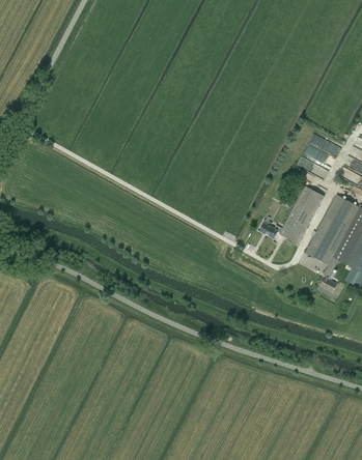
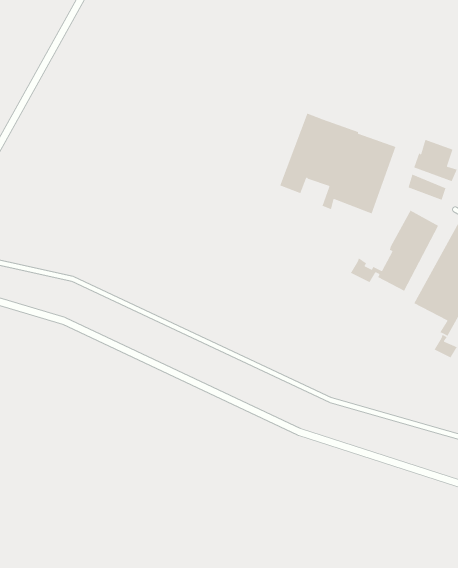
building: none -> [279,112,397,214]

